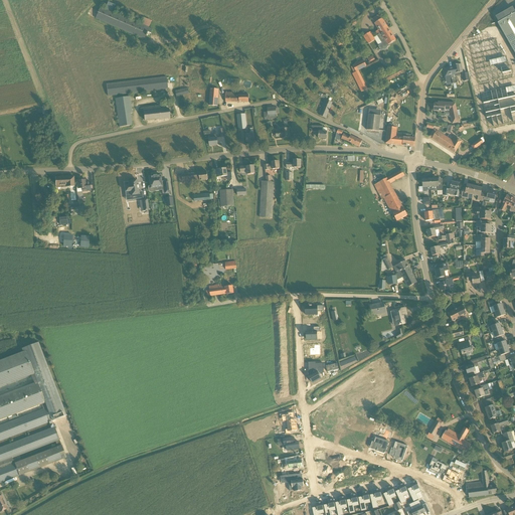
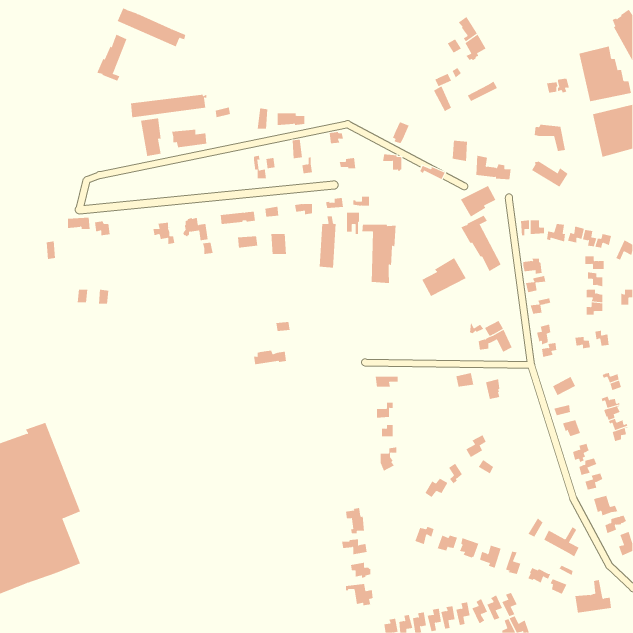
building: none -> [97,34,127,81]
building: none -> [460,185,496,218]
building: none -> [362,224,396,284]
building: none -> [421,257,466,297]

